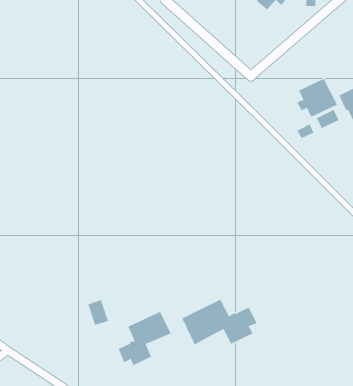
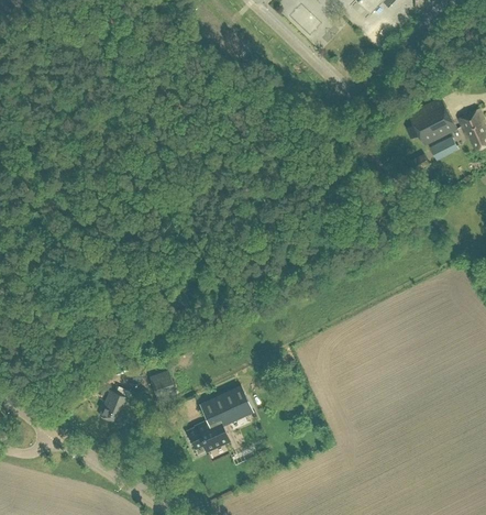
building: [182,299,257,345] -> none
building: none -> [99,390,128,421]

